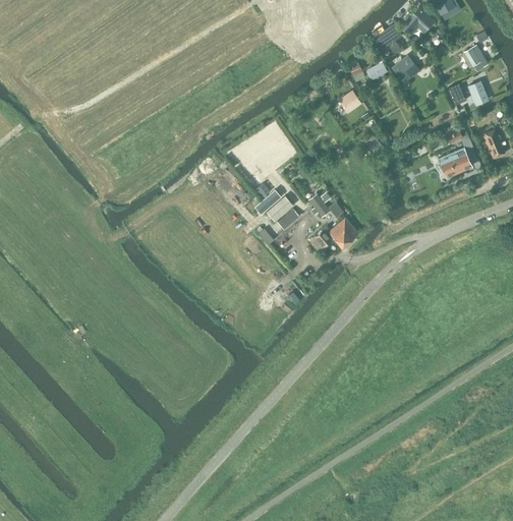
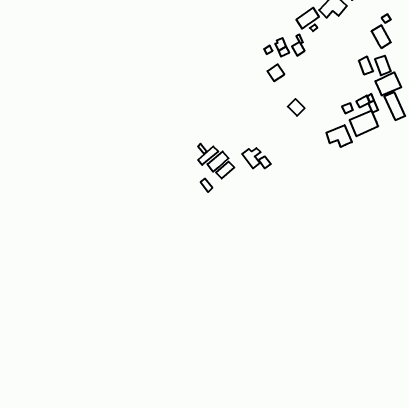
building: [393,55,420,80] -> none
building: none -> [375,72,401,96]
building: none -> [326,125,352,147]
building: [310,218,359,251] -> none

